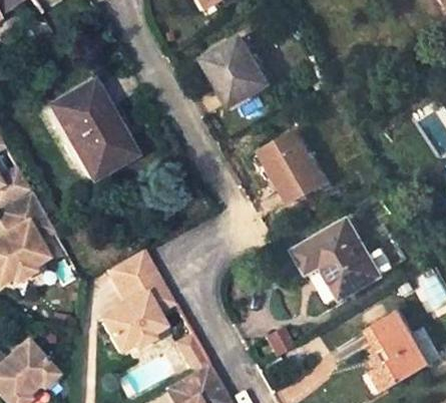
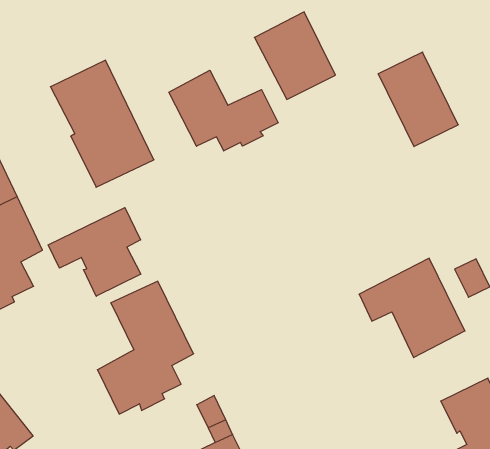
building: none -> [169,70,278,151]
building: [261,129,325,203] -> [378,52,458,147]
building: none -> [48,208,141,296]

